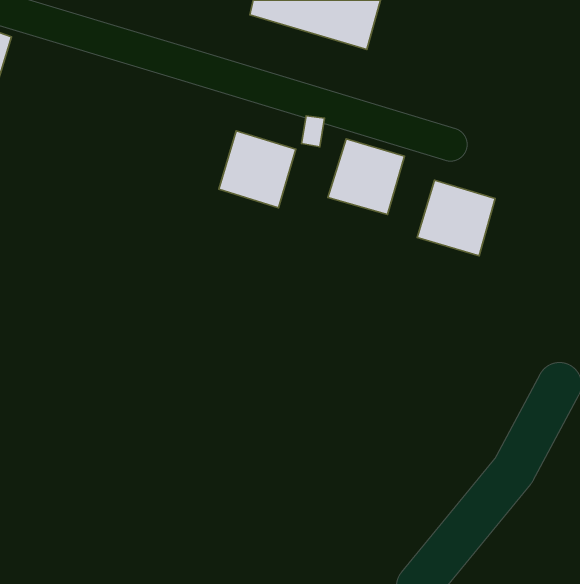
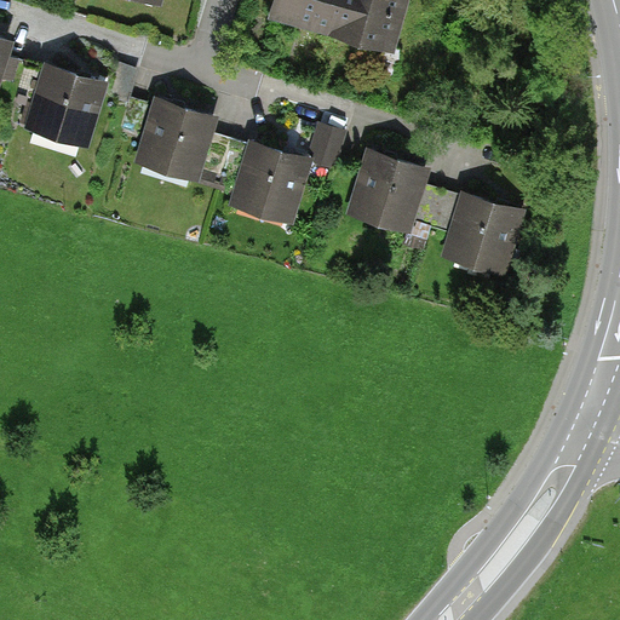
building: none -> [22,64,105,147]
building: none -> [132,99,216,179]

